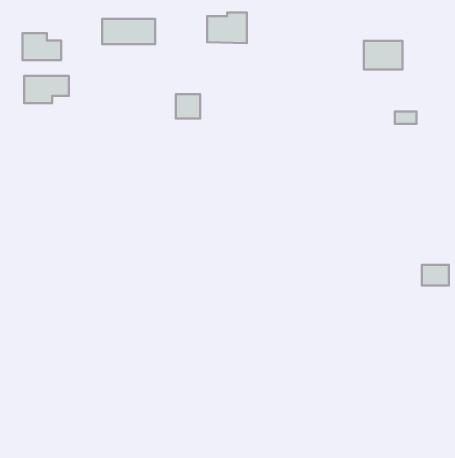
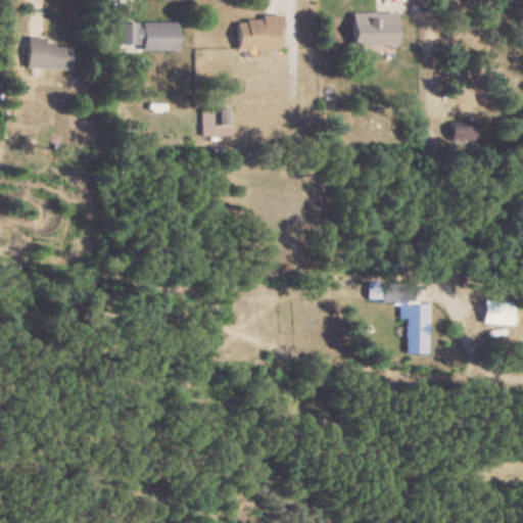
building: [364,41,402,69] -> [355,13,399,46]
building: [24,76,69,103] -> none
building: none -> [382,285,429,354]

